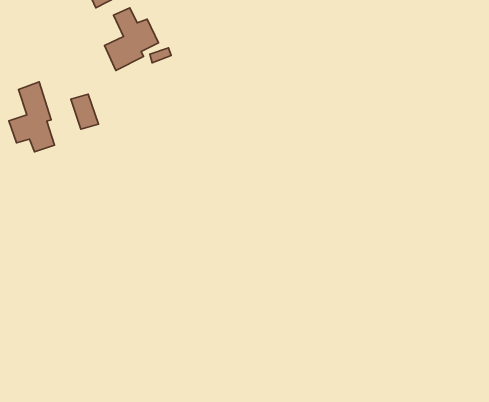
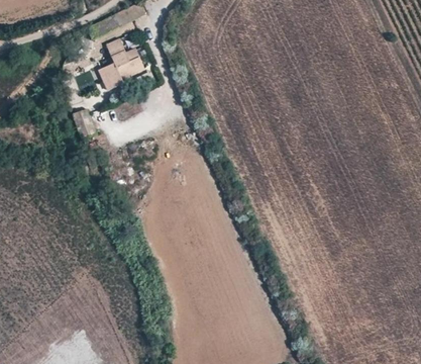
building: [9,82,55,152] -> none

